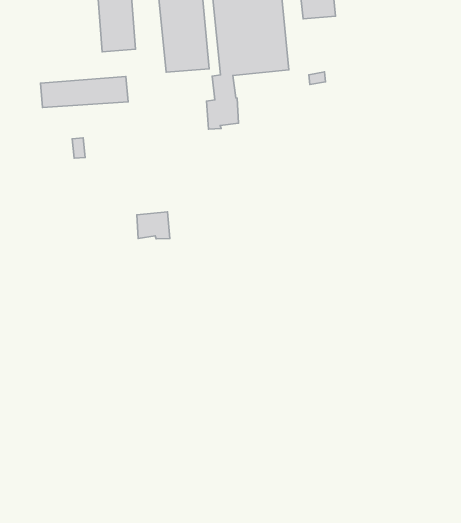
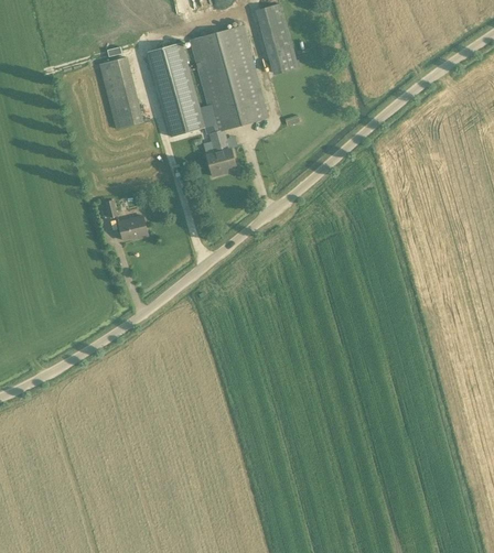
building: [40,77,128,107] -> none
building: [137,212,170,239] -> [116,214,146,239]

